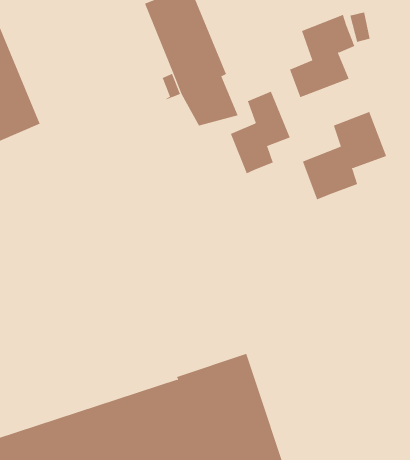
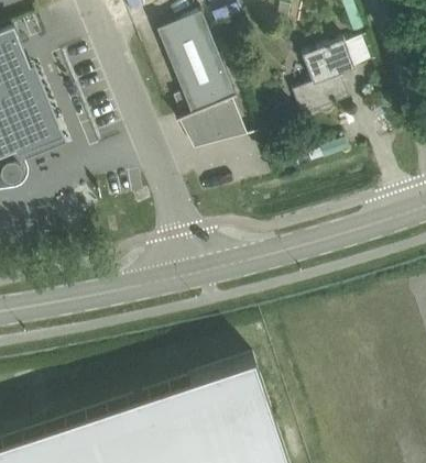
building: [230,91,290,174] -> none
building: [302,111,387,200] -> none

